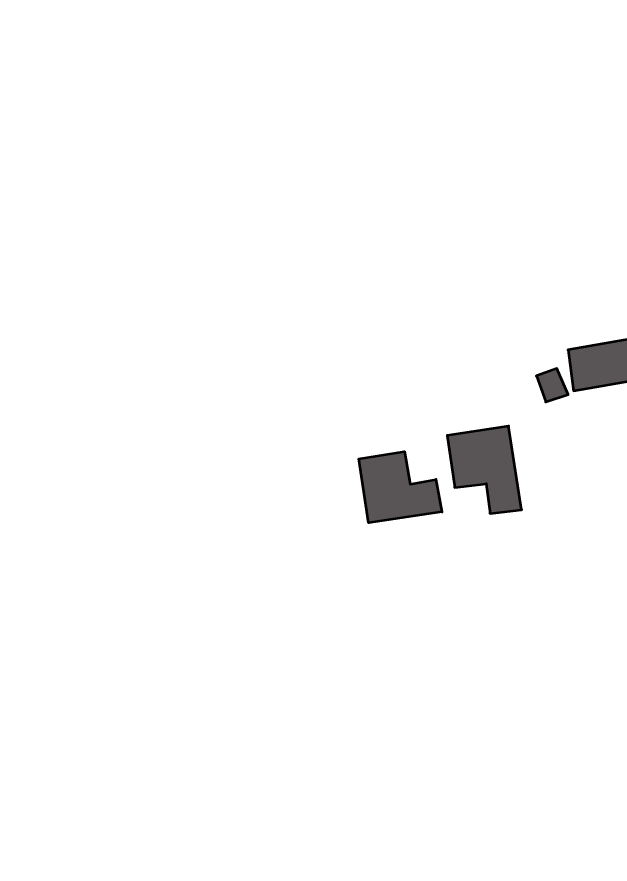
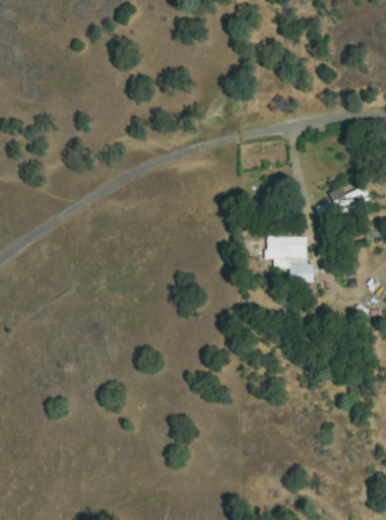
building: [359,452,442,523] -> none

